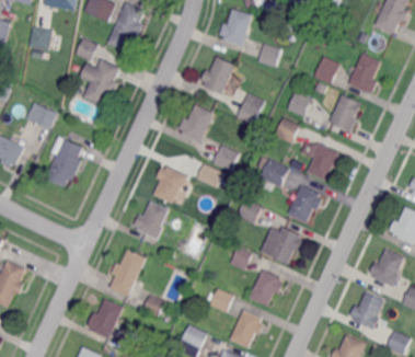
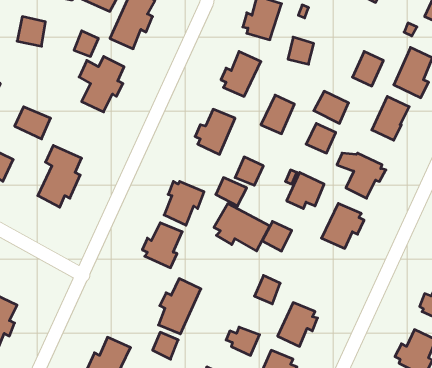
building: none -> [214,204,270,251]
building: [260,228,301,266] -> none
building: [109,250,146,297] -> [158,279,201,334]

